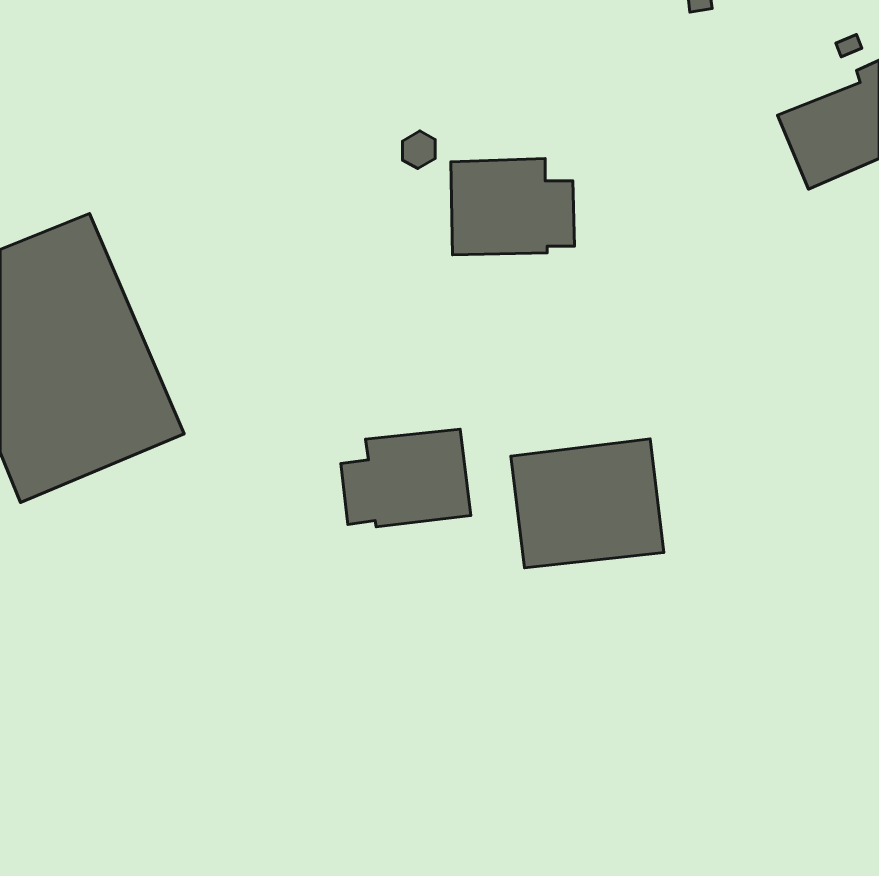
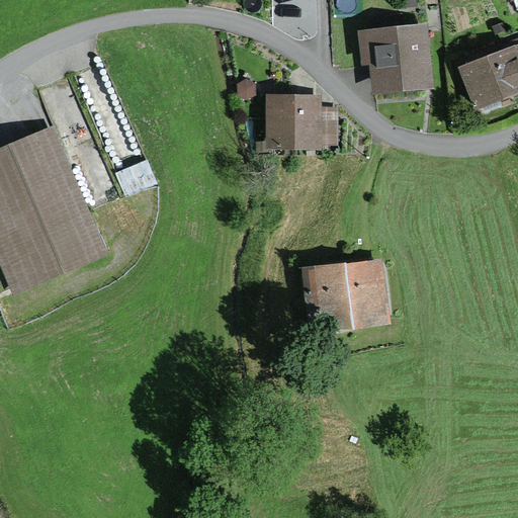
building: none -> [357,11,435,95]
building: [341,429,471,527] -> none

